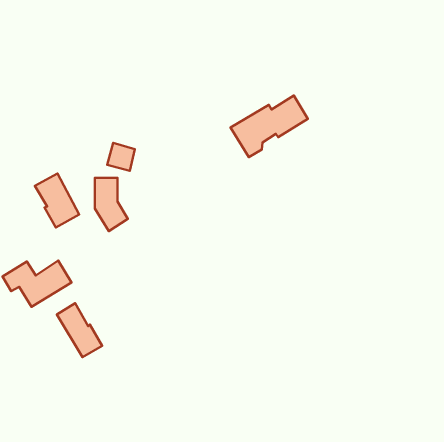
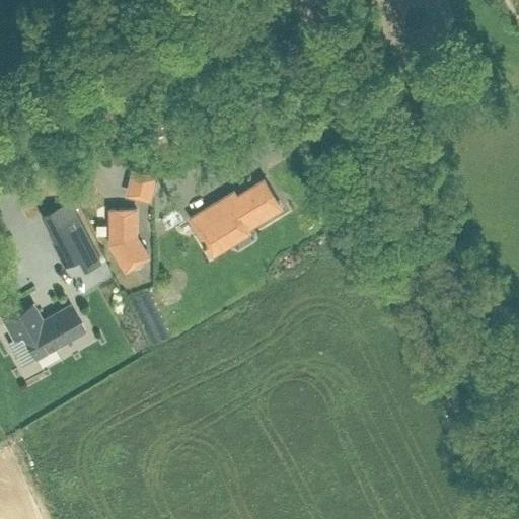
building: [230,95,308,157] -> [192,182,282,254]
building: [57,303,102,357] -> none

